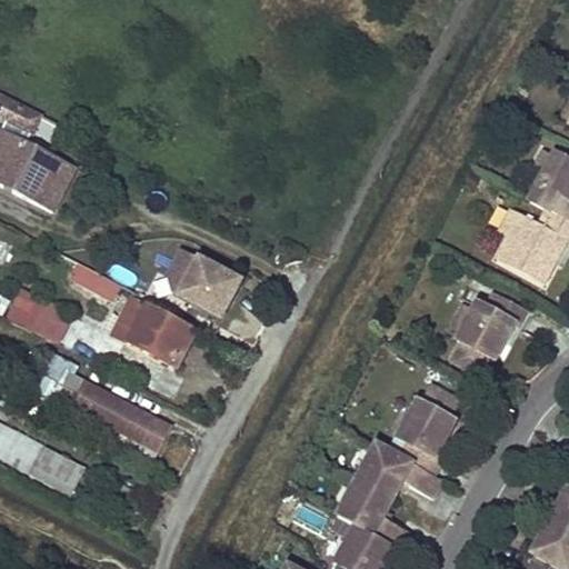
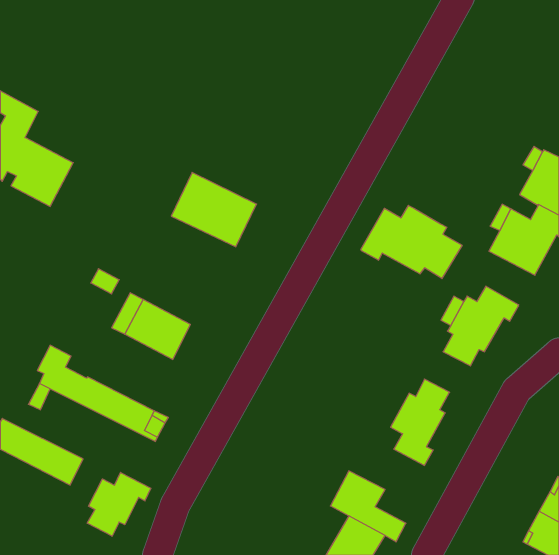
building: none -> [361,205,462,279]
building: [157,247,243,322] -> [171,172,257,247]
building: [7,296,72,341] -> none
building: [355,442,441,498] -> none
building: none -> [87,472,151,536]

